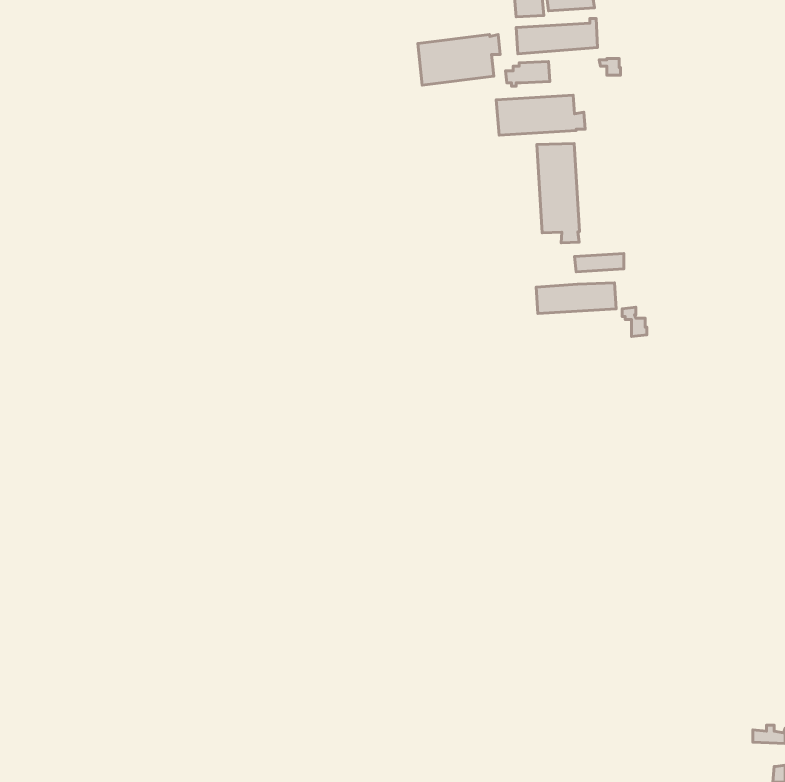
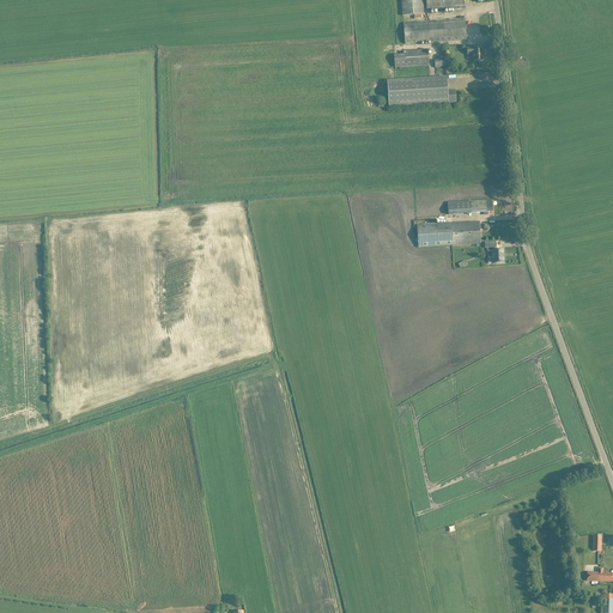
building: [418,35,500,85] -> none
building: [537,143,579,243] -> none

